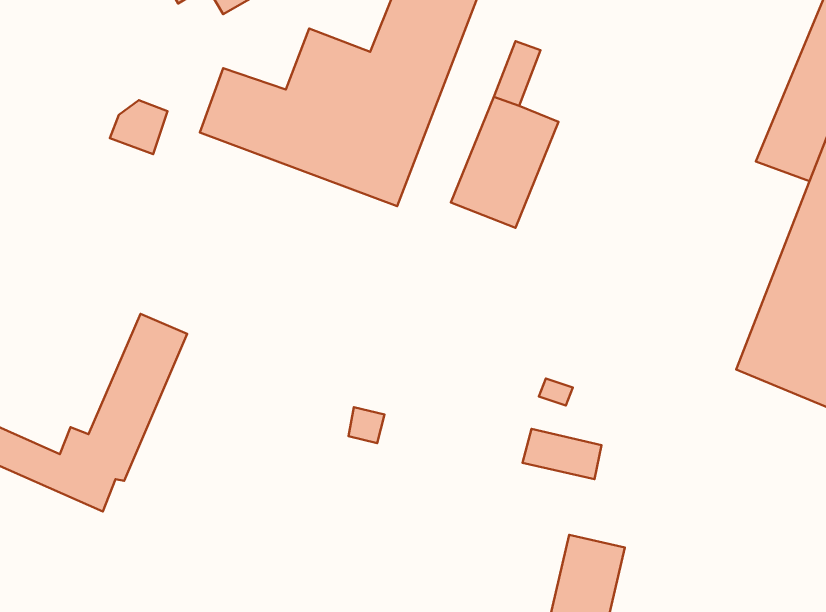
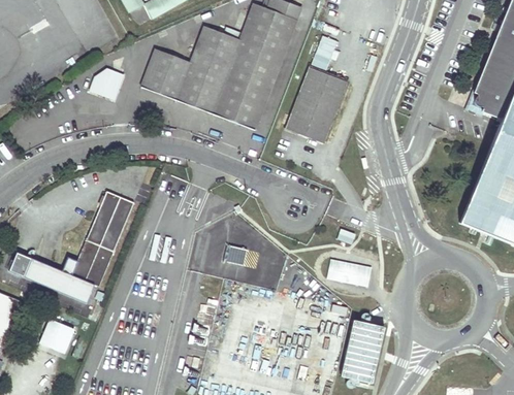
building: none -> [39,317,76,354]

